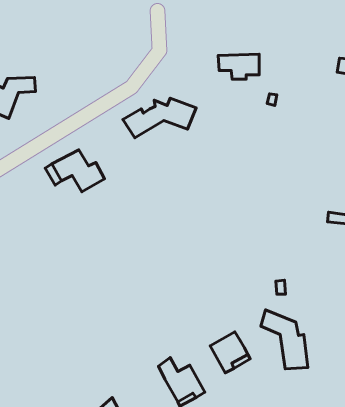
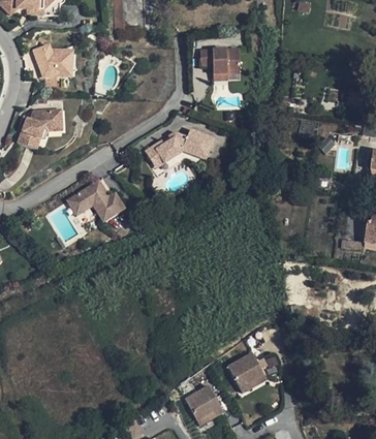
building: none -> [32,44,72,79]
building: [218,54,259,79] -> [200,50,240,73]
building: [261,310,308,369] -> none

